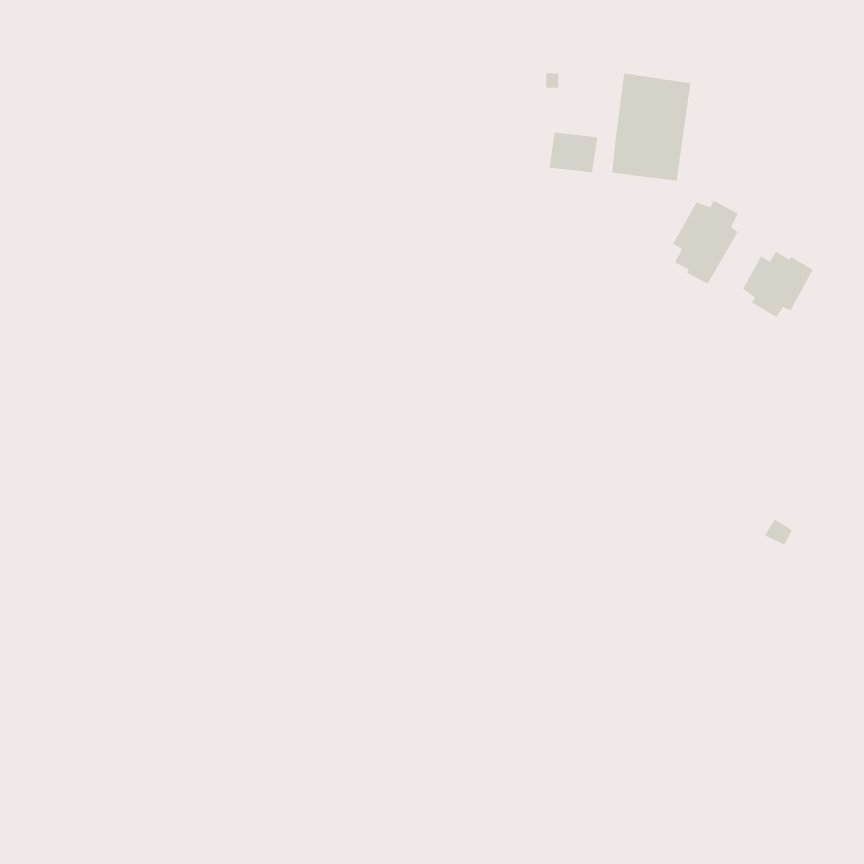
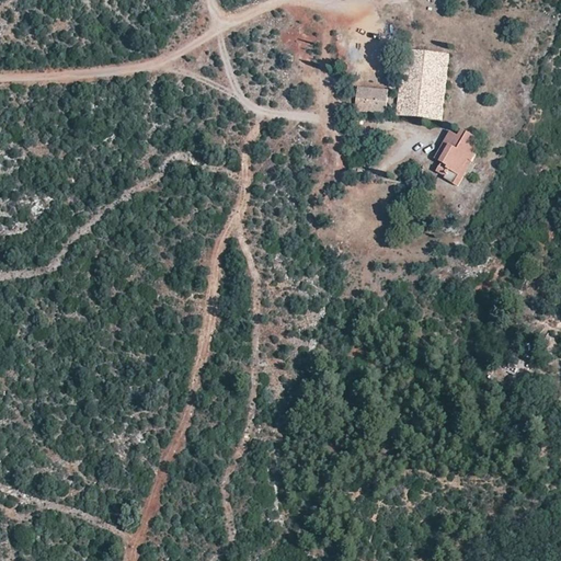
building: [742,251,813,318] -> none

